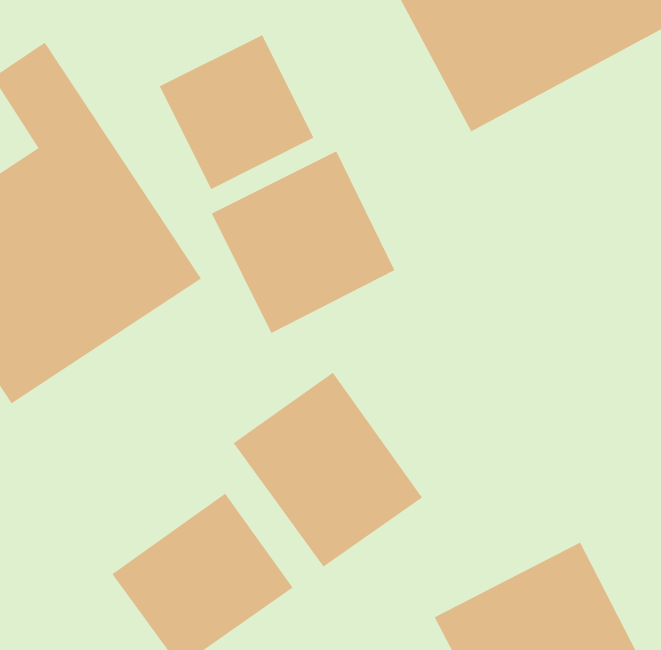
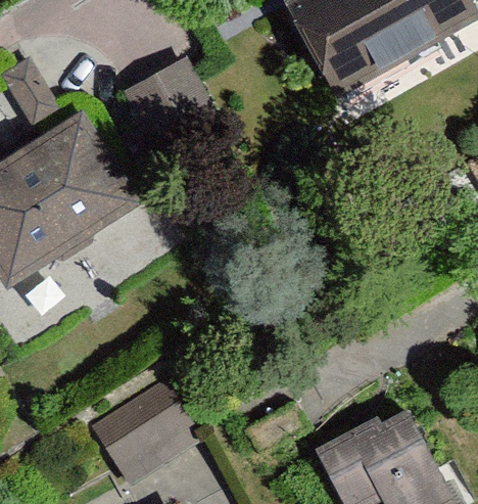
building: [211,151,395,334] -> none
building: [233,372,423,567] -> none

